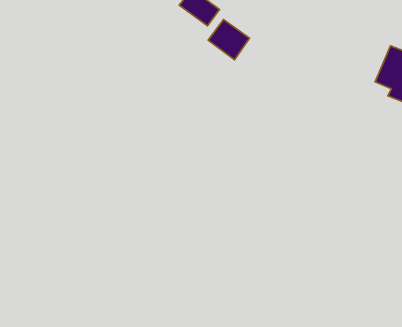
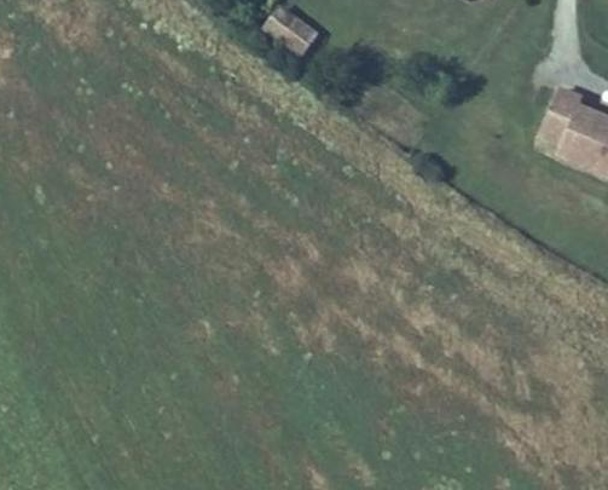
building: [208,19,250,60] -> none

